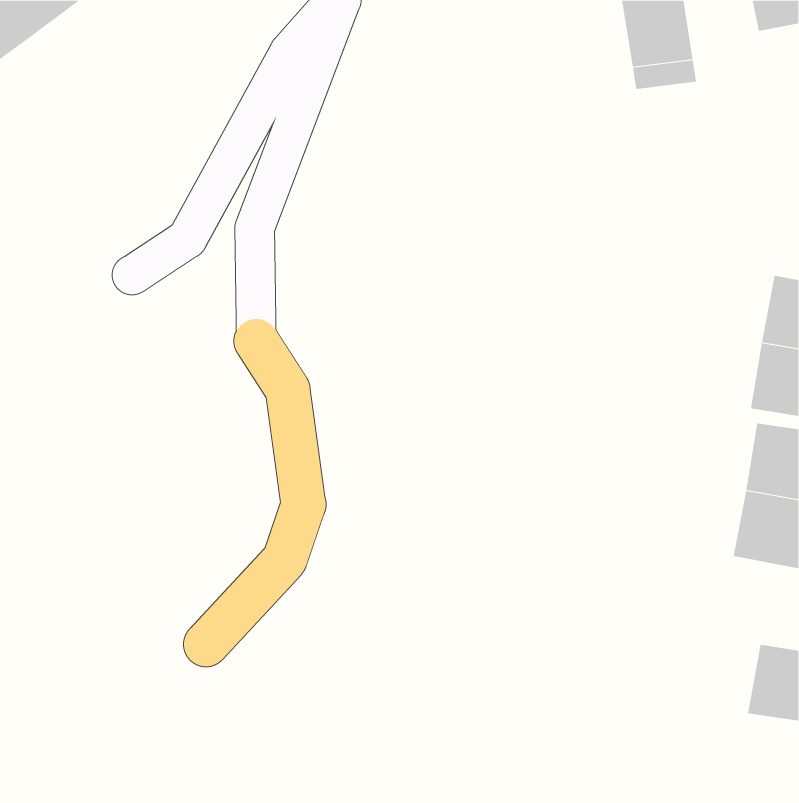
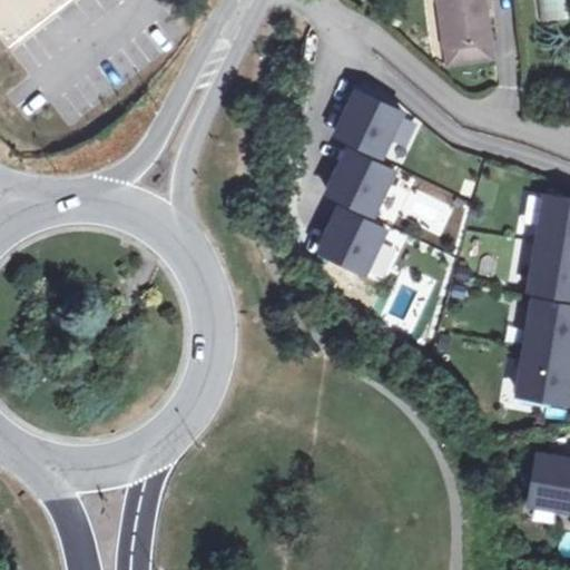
building: none -> [338,88,403,153]
building: none -> [330,147,396,212]
building: none -> [321,206,386,271]

